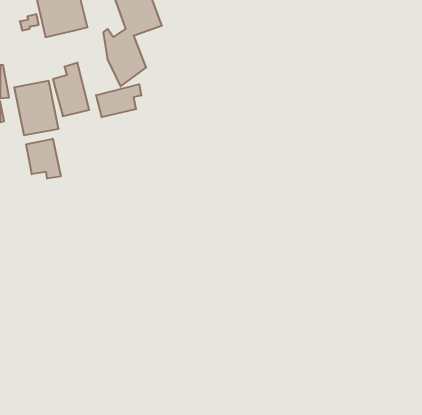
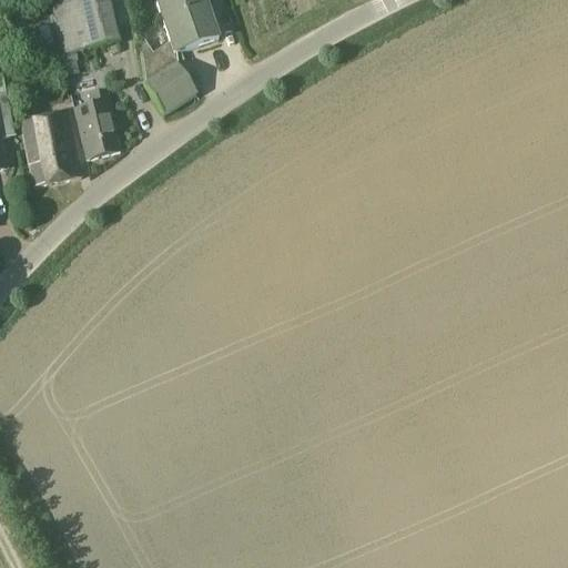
building: [96,84,141,117] -> none
building: [26,139,61,179] -> none

